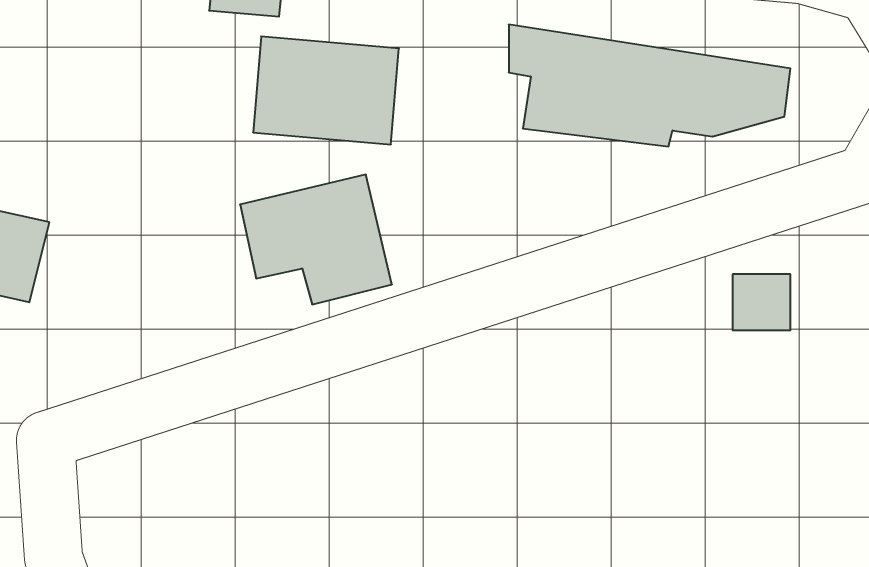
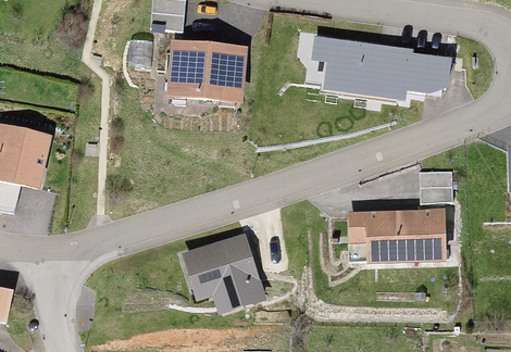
building: [240,175,392,304] -> [177,235,260,305]
building: none -> [344,208,447,256]

